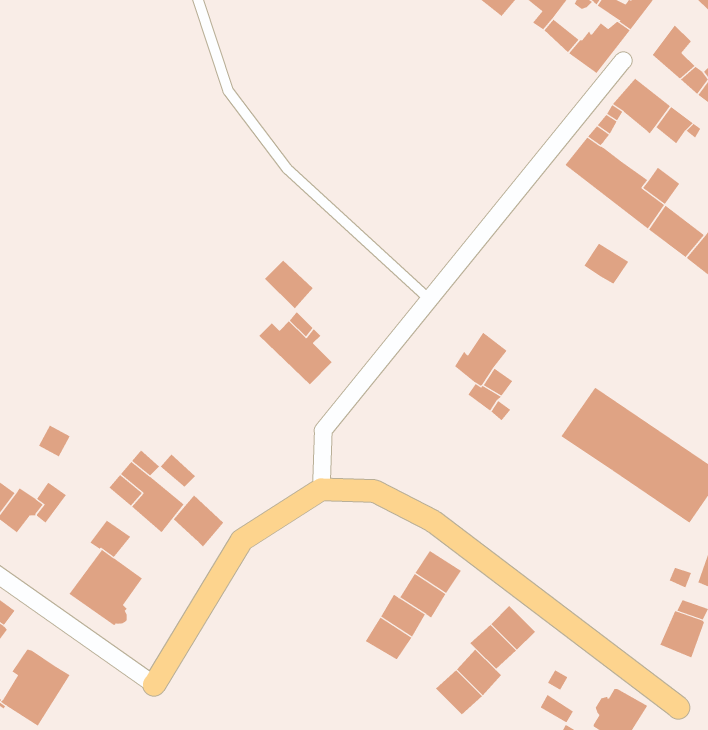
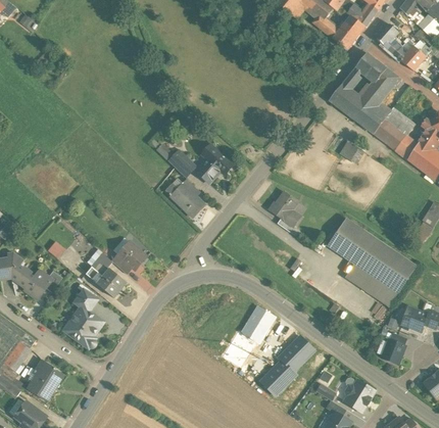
building: none -> [360,79,390,107]
building: none -> [196,144,234,183]
building: none -> [346,264,397,306]
building: [173,494,224,547] -> [118,241,146,270]

